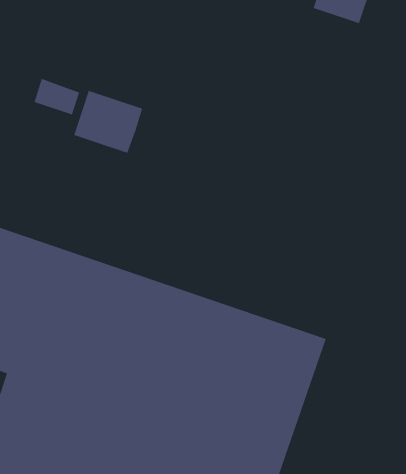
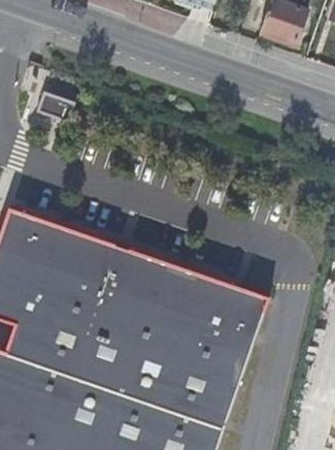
building: [73,90,143,154] -> none

